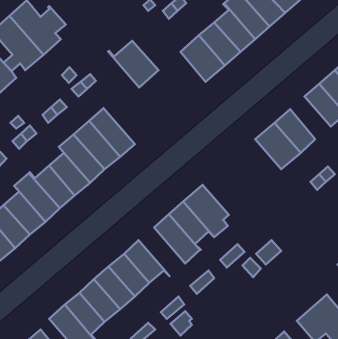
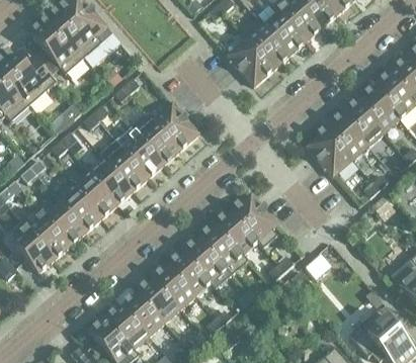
building: [108,41,159,88] -> [147,102,199,151]
building: none -> [341,101,384,146]
building: none -> [183,238,232,288]

